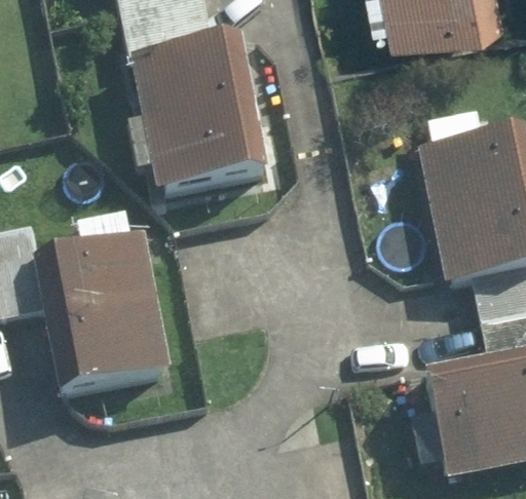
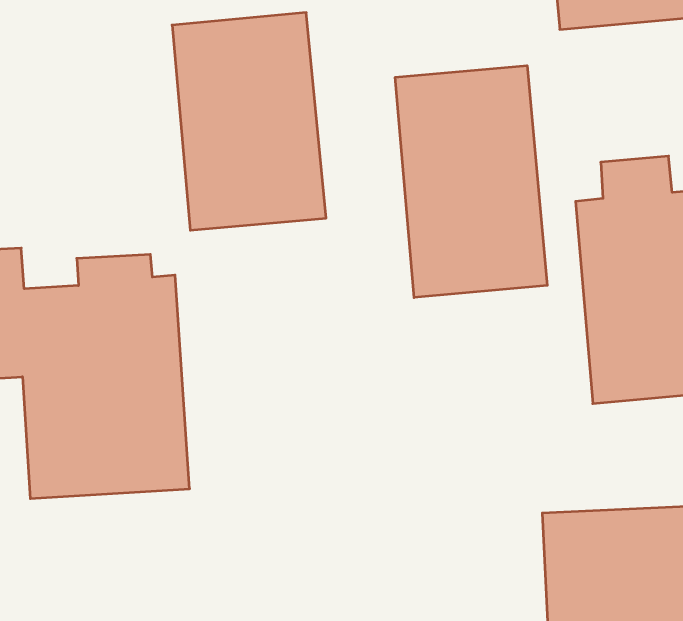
building: none -> [395,66,547,298]

